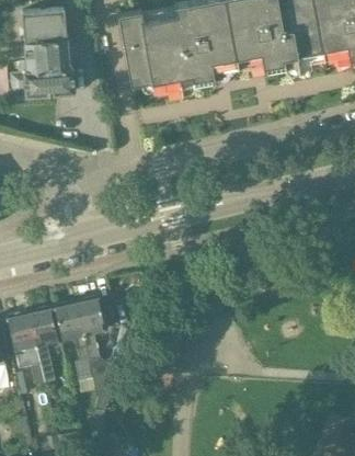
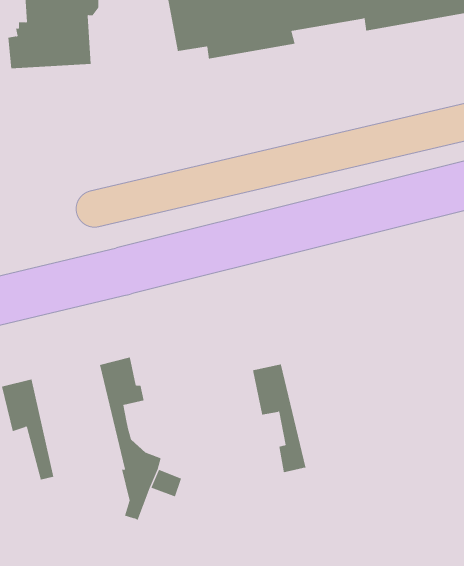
building: [56,303,94,379] -> [252,364,307,473]
building: [30,308,58,381] -> none

